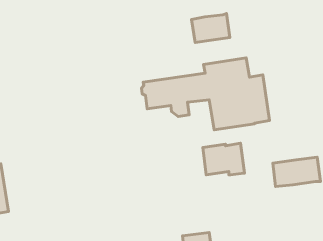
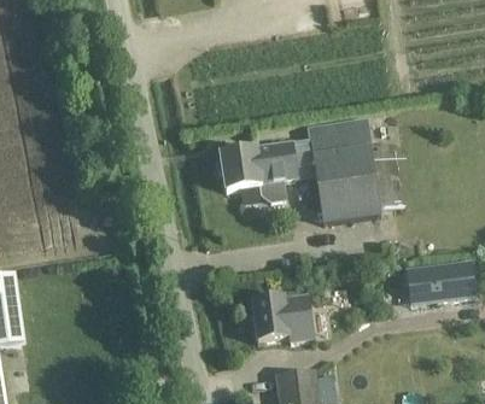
building: [191,14,230,42] -> none
building: [203,143,245,175] -> [251,294,311,340]

